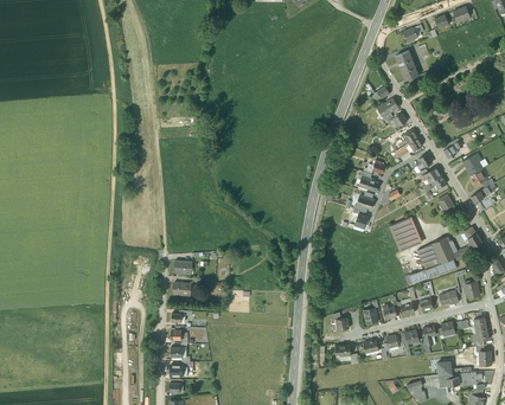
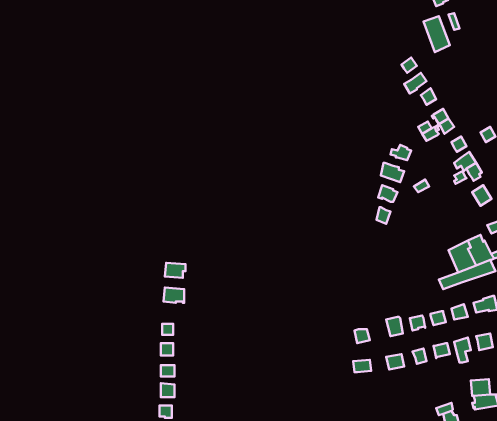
building: [389,217,422,252] -> none

